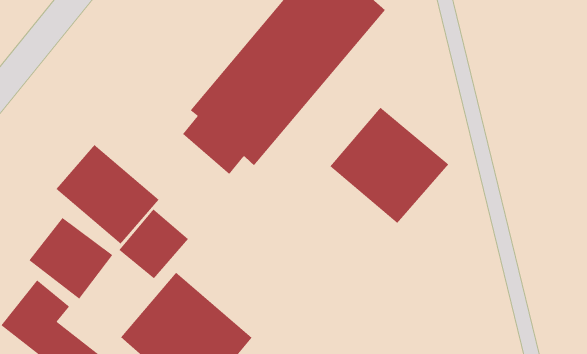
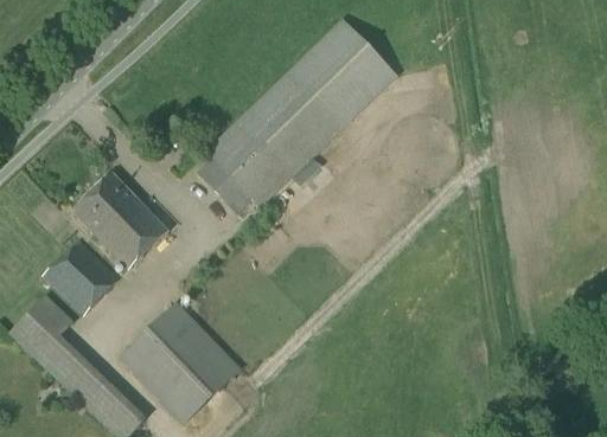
building: [330,107,449,224] -> none
building: [118,209,189,279] -> none

